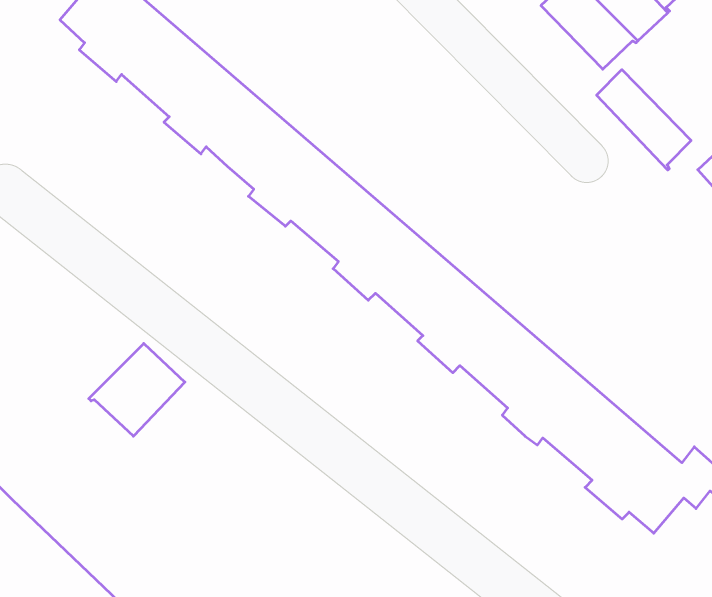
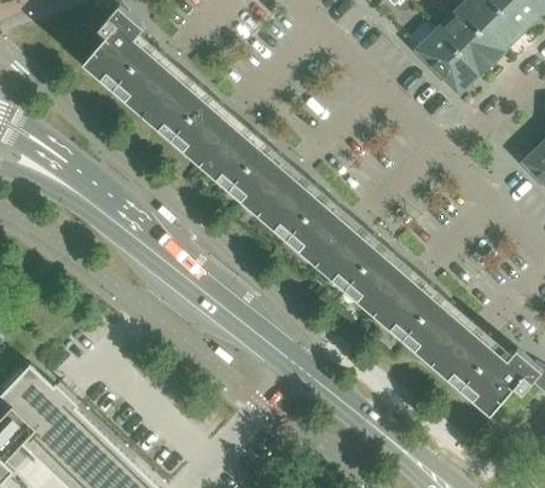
building: [597,70,691,170] -> none
building: [89,343,185,436] -> none

